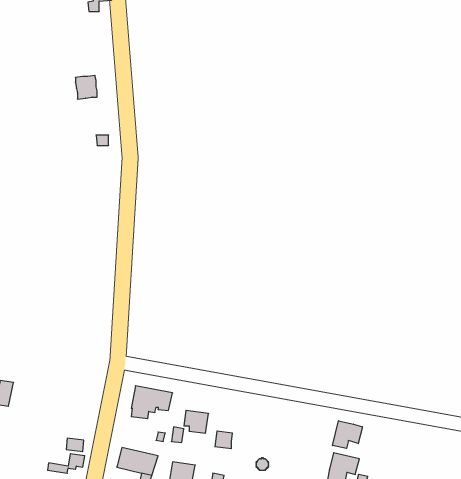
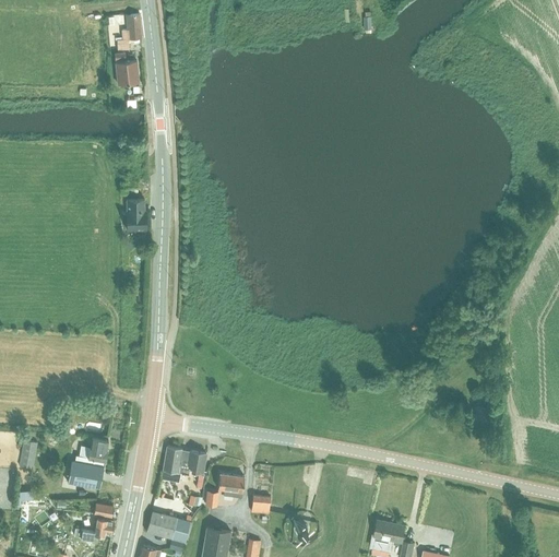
building: [75,75,97,99] -> [116,60,139,85]
building: none -> [127,200,146,230]
building: none -> [68,438,108,488]
building: [333,421,362,448] -> none

